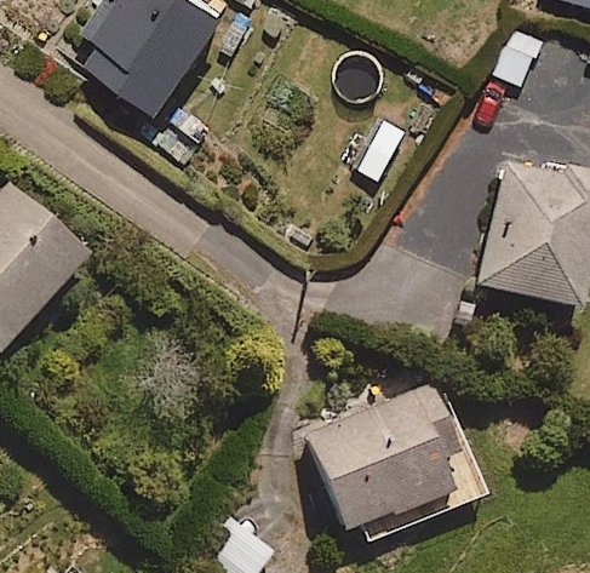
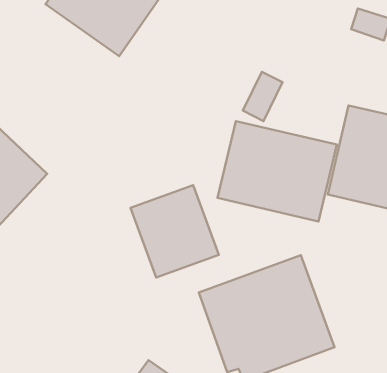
building: none -> [218,121,337,221]
building: none -> [131,185,219,277]

